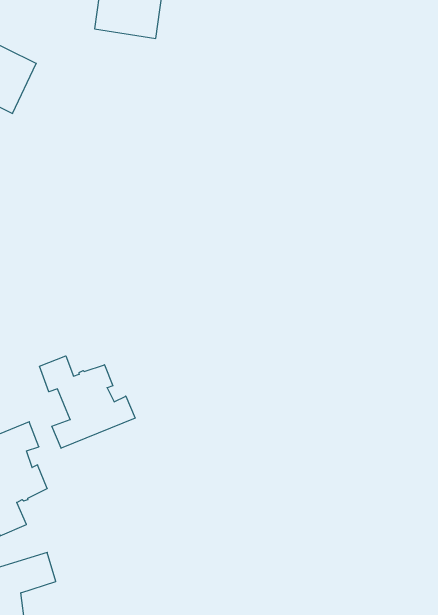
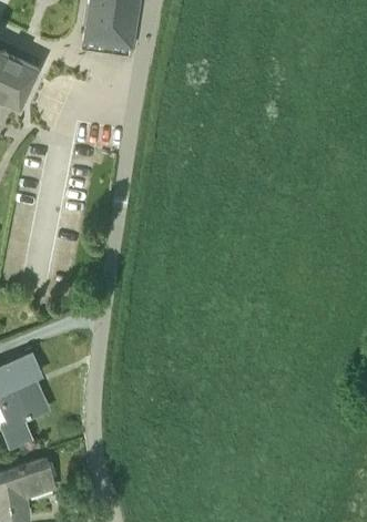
building: [40,356,135,448] -> none

